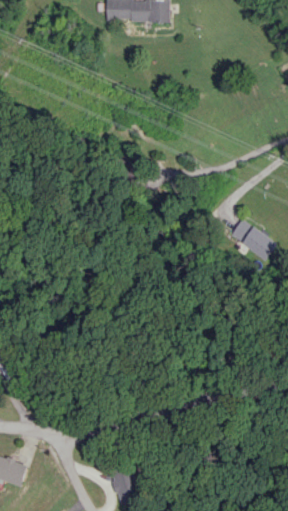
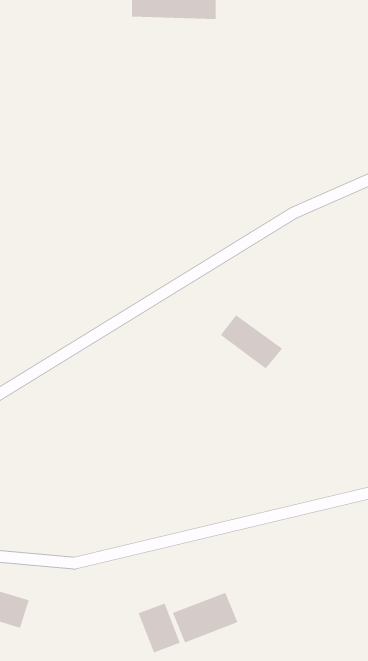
building: [229,218,277,260] -> [220,314,283,369]
building: none -> [172,592,238,643]

